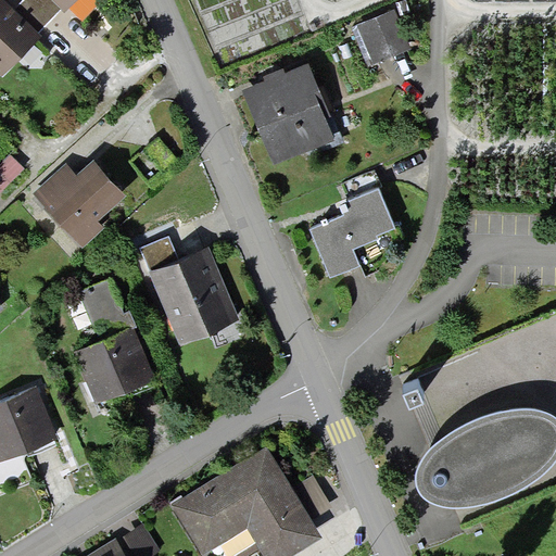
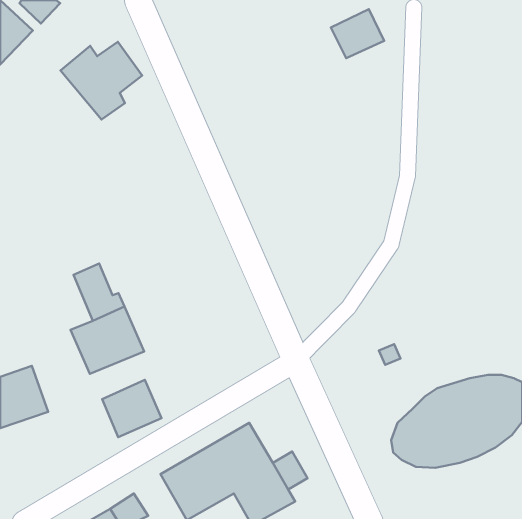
building: [247,68,337,163] -> none
building: [34,163,121,245] -> [60,42,142,119]
building: [311,189,395,277] -> none
building: [146,251,235,343] -> none
building: none -> [102,380,162,437]

